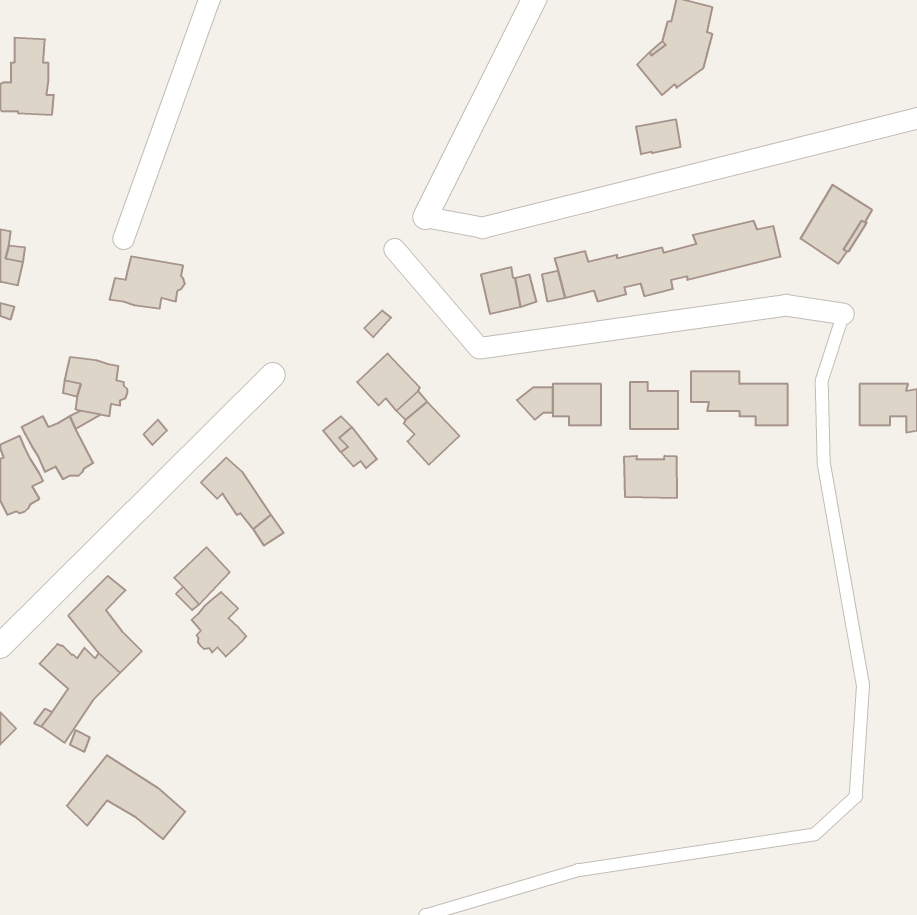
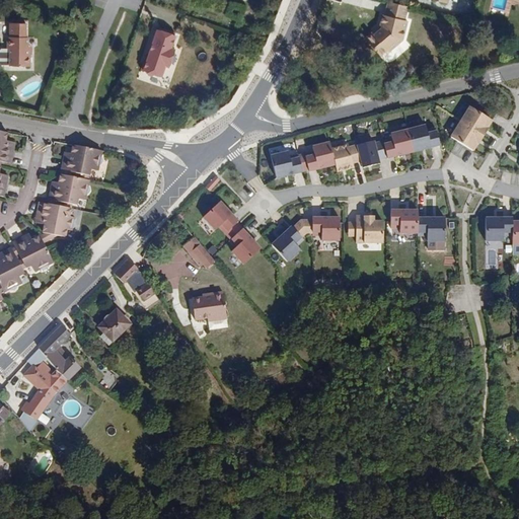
building: none -> [141,27,175,75]
building: [636,119,680,154] -> none
building: none -> [49,173,89,204]
building: none -> [272,226,304,262]
building: [624,456,677,498] -> none
building: none -> [192,290,228,328]
building: [192,592,246,657] -> none
building: [67,755,185,839] -> none

